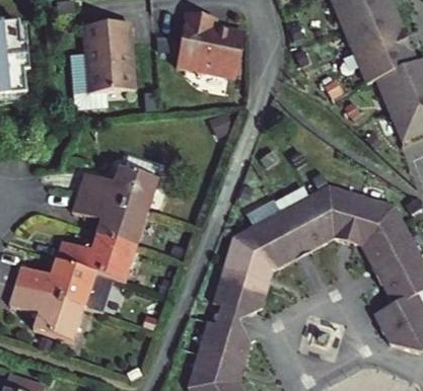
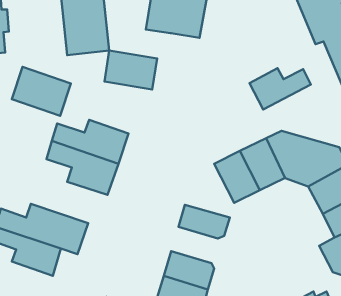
building: none -> [104,51,157,89]
building: none -> [12,67,71,116]
building: none -> [249,68,311,109]
building: [221,218,276,278] -> none
building: [50,238,135,288] -> none
building: [206,288,258,328] -> none

